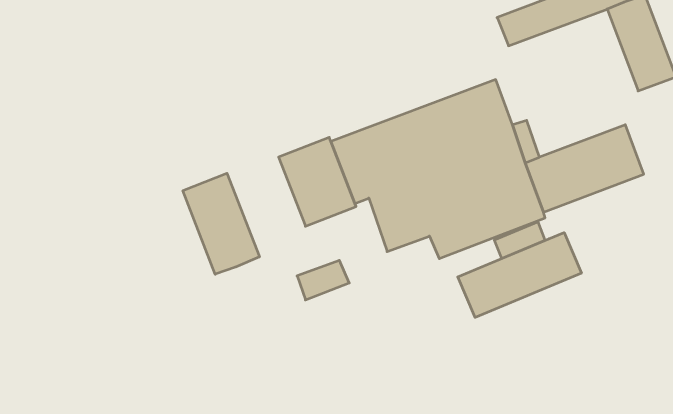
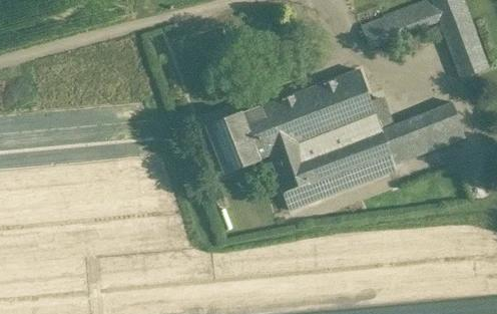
building: [183,173,259,274] -> none
building: [458,233,581,317] -> none
building: [297,260,349,300] -> [283,182,320,210]

